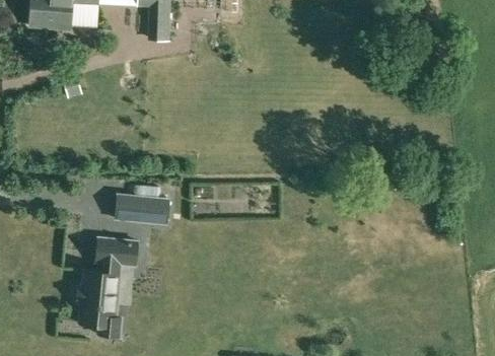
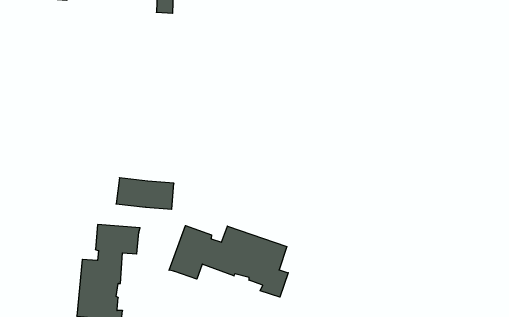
building: none -> [169,226,288,297]

